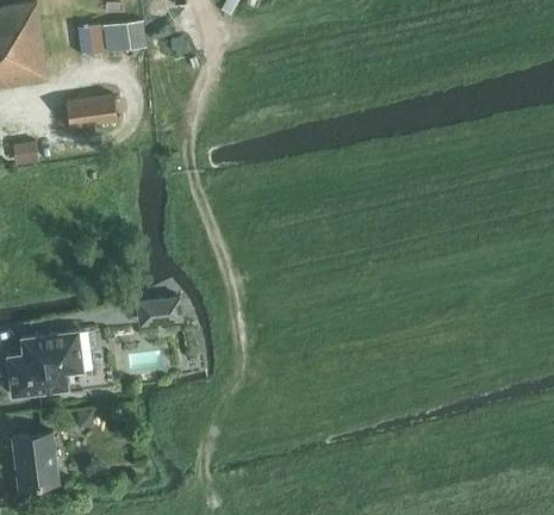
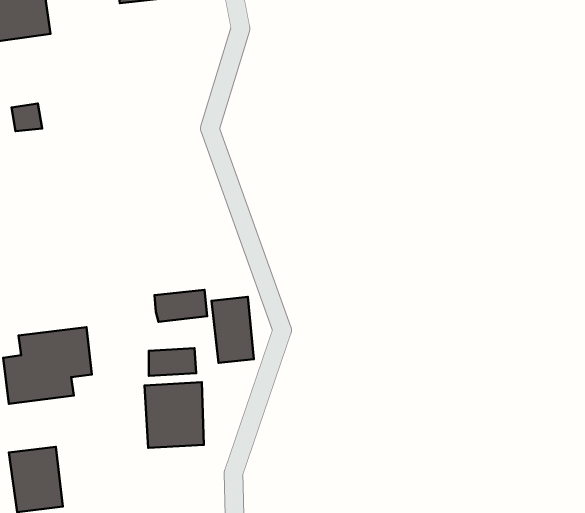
building: [66,97,117,129] -> none
building: none -> [212,297,254,363]
building: none -> [144,382,204,448]

